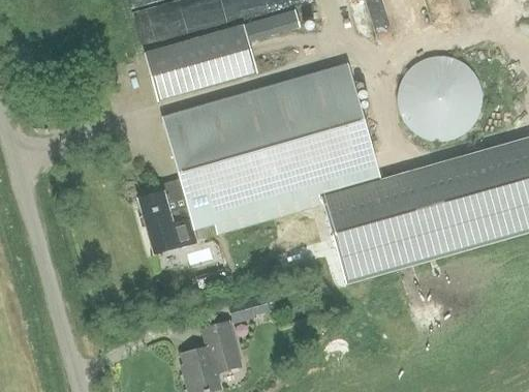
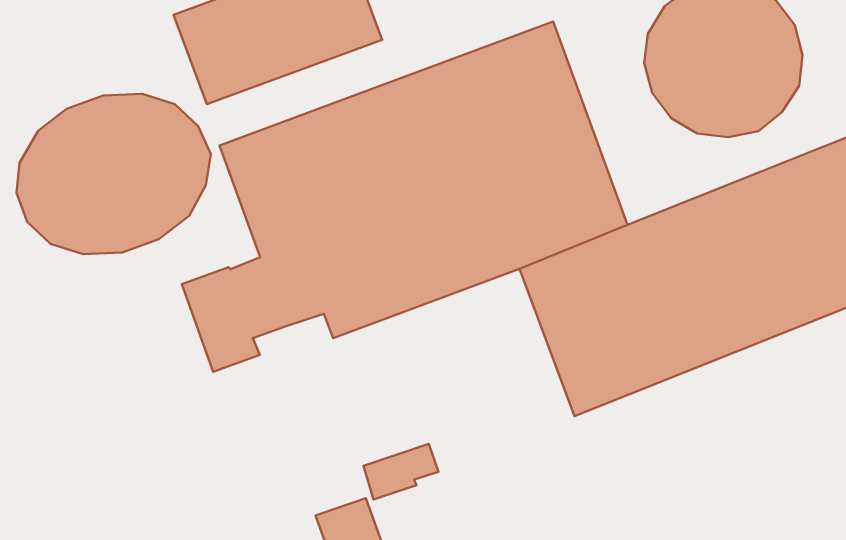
building: none -> [16,94,211,254]

